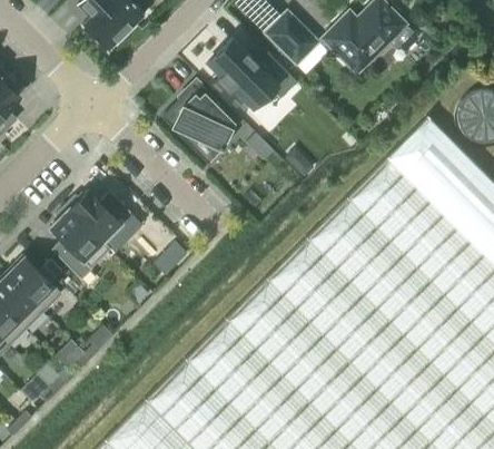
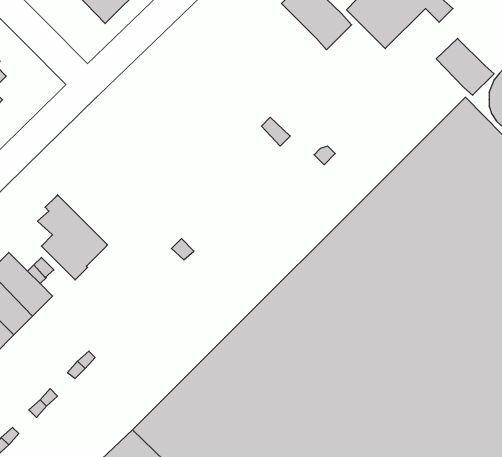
building: [207,38,298,110] -> none
building: none -> [436,38,494,95]
building: [164,86,233,150] -> none
building: [67,188,131,242] -> none

